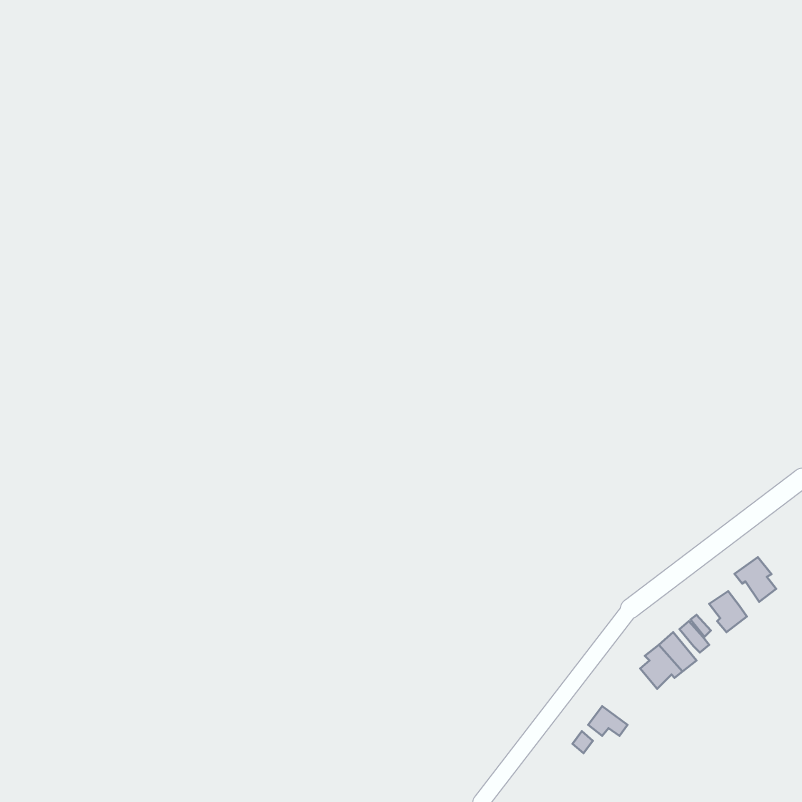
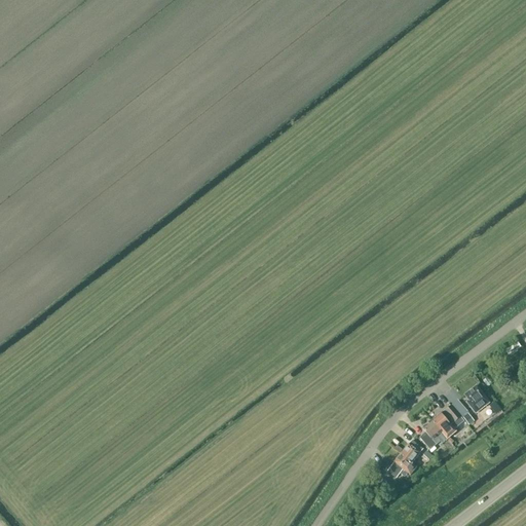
building: [735,557,776,602] -> none
building: none -> [393,441,419,474]

